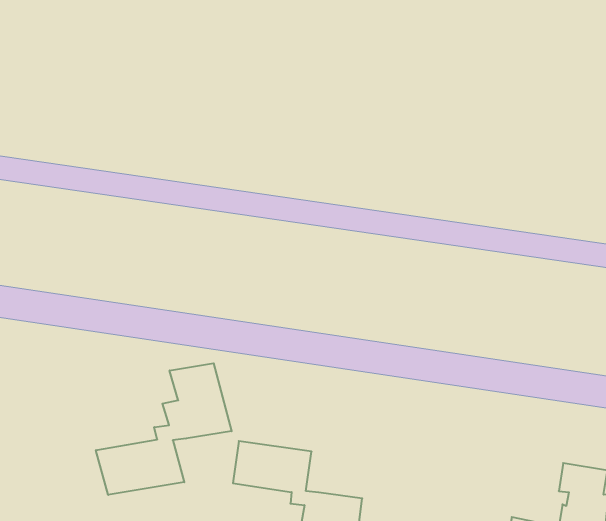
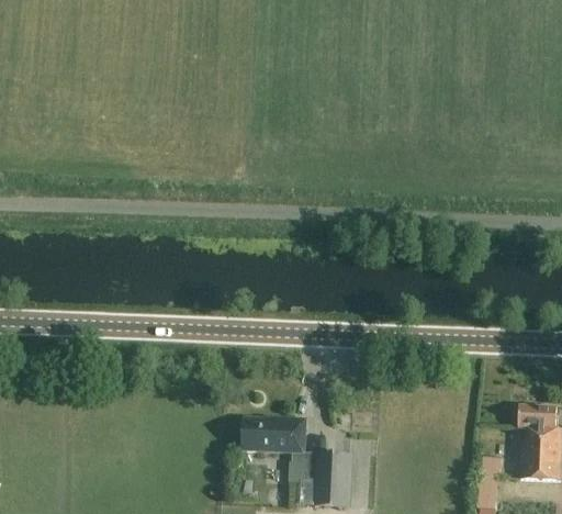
building: [96,363,232,495] -> none

